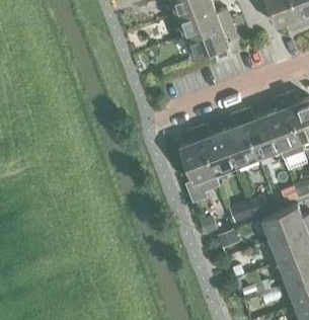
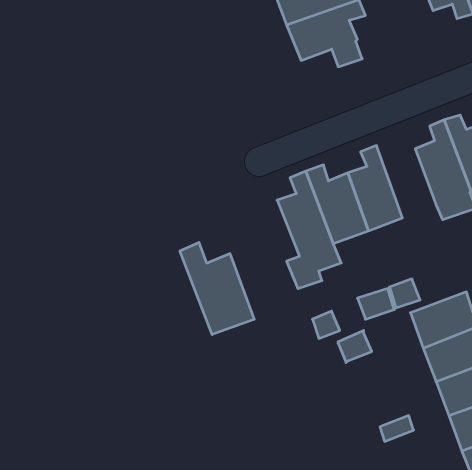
building: [240,109,278,158] -> none
building: none -> [180,242,254,335]

